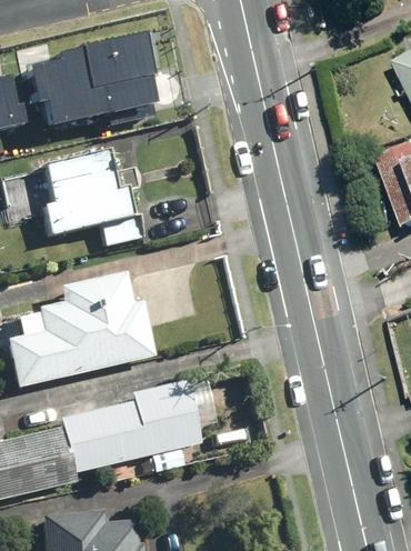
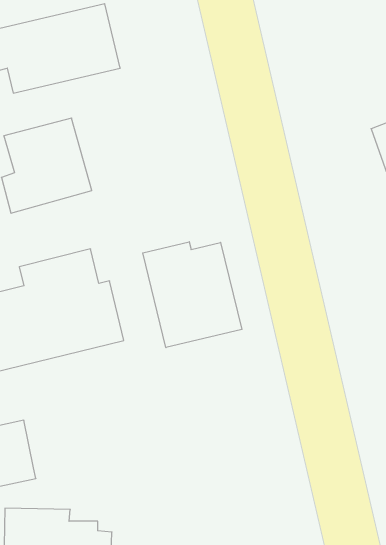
building: none -> [143,242,242,348]
building: [59,381,200,474] -> none

